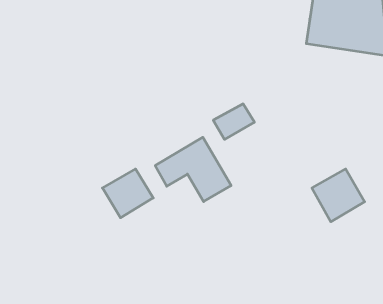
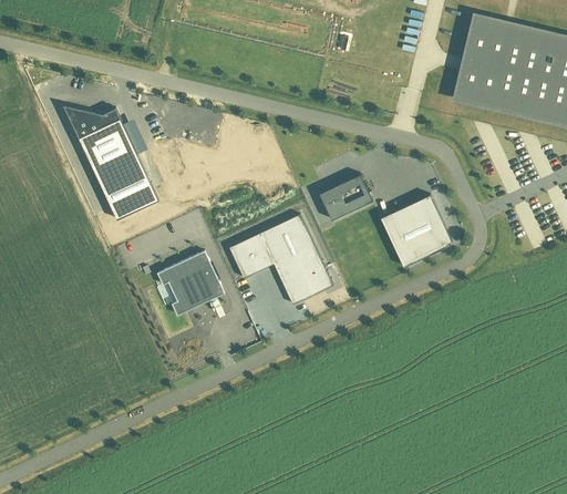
building: none -> [62,106,156,218]
building: [312,169,365,222] -> [380,195,451,266]

